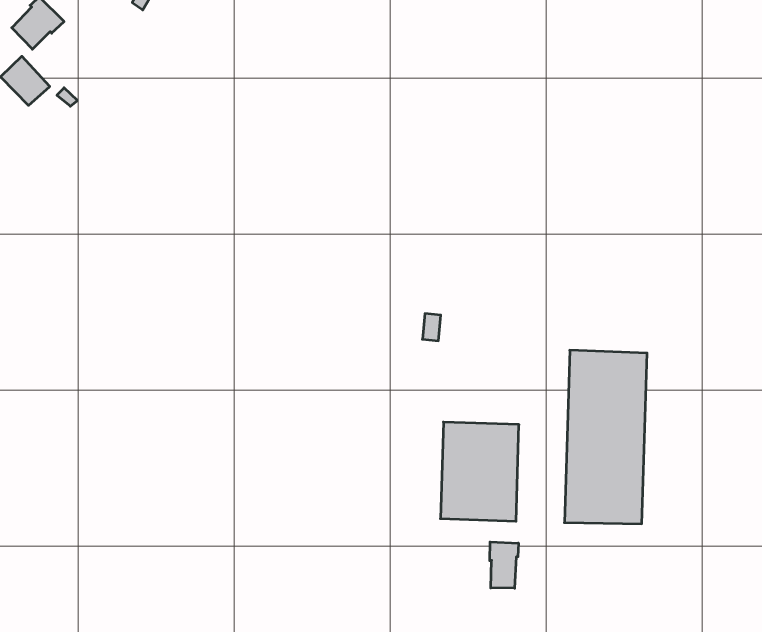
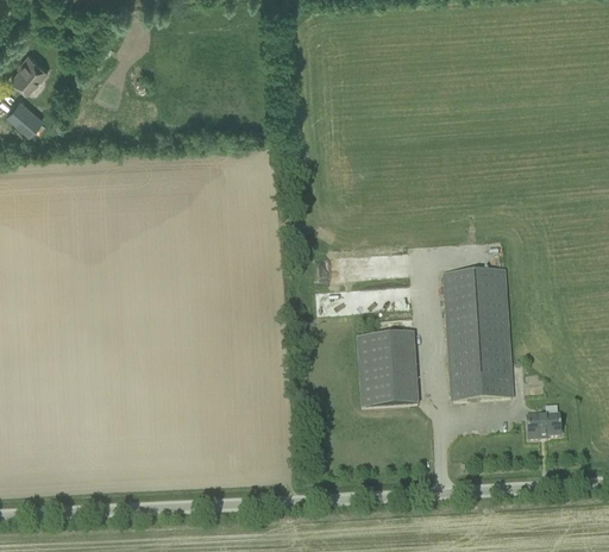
building: [490,542,518,588] -> none
building: none -> [527,413,563,439]

